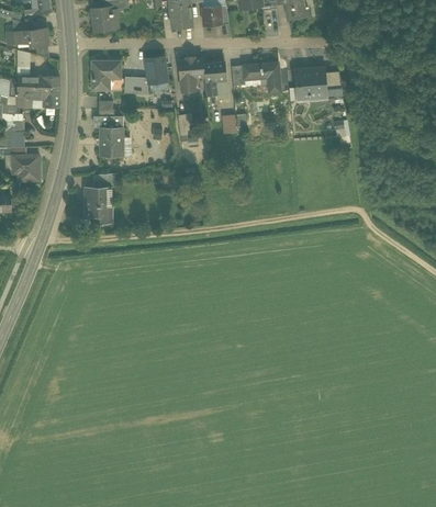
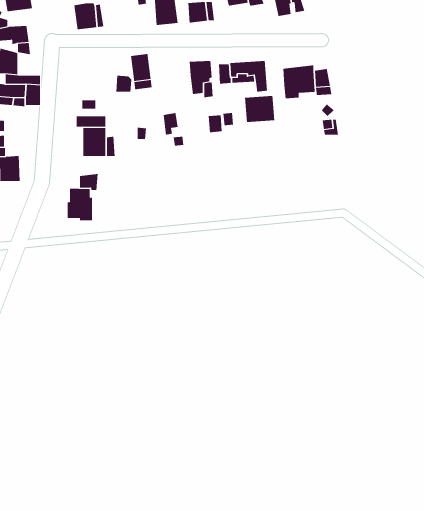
building: [178,57,203,92] -> none
building: [91,61,120,90] -> none
building: none -> [245,95,275,123]

